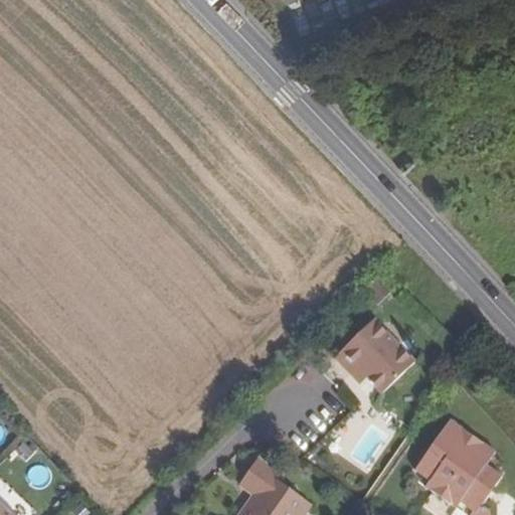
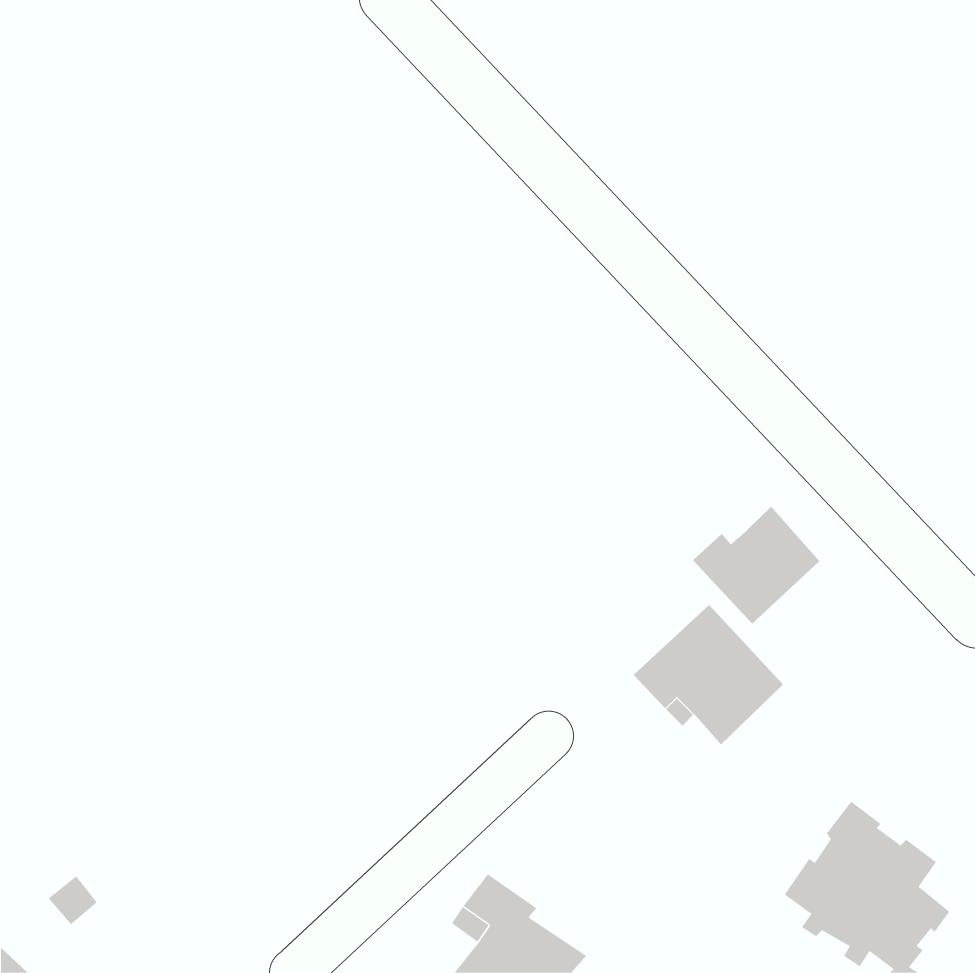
building: none -> [692,506,820,624]

